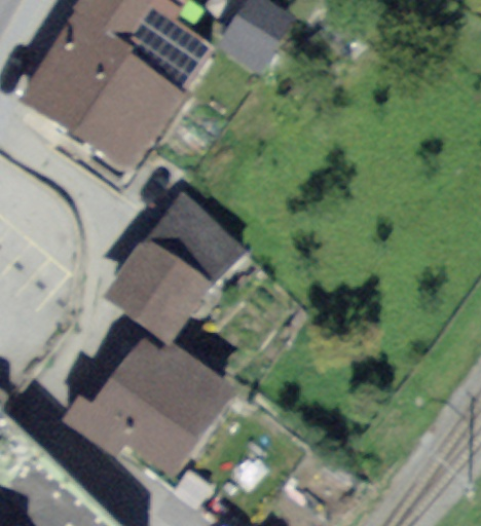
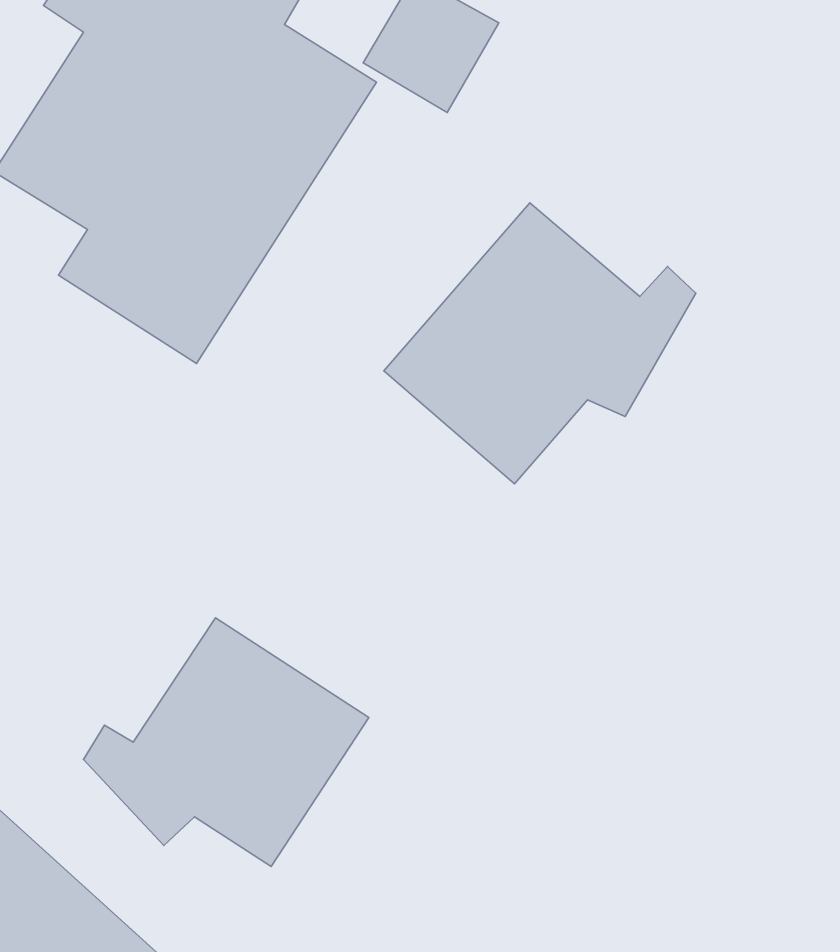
building: none -> [384,203,696,484]
building: [104,191,246,339] -> none

